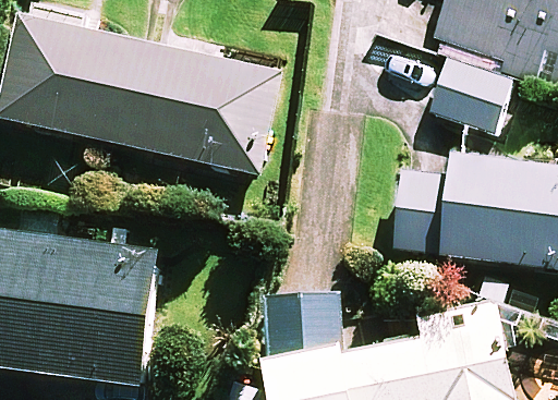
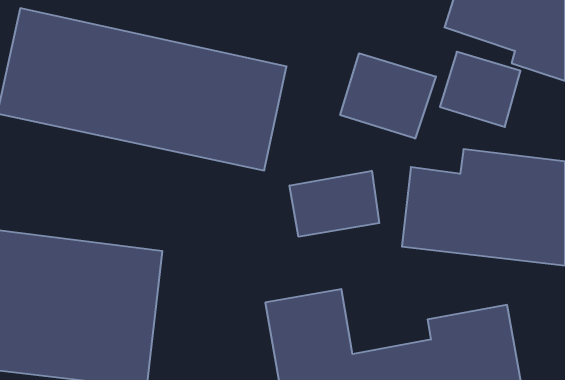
building: none -> [340,53,436,139]
building: none -> [290,171,379,237]

